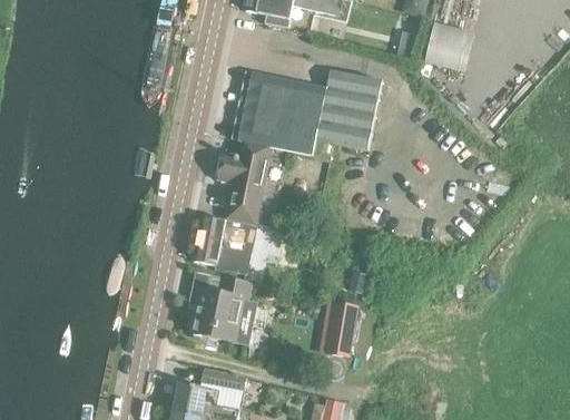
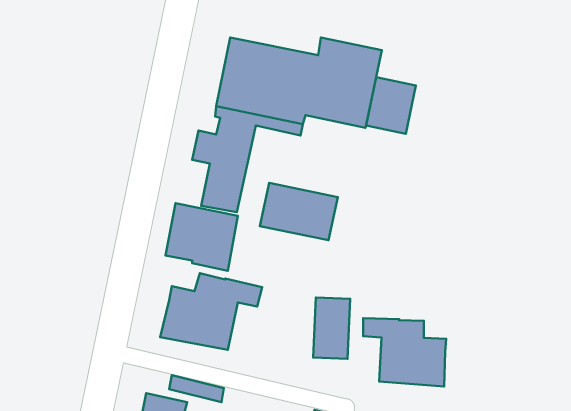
building: none -> [366,77,416,134]
building: none -> [260,183,338,240]
building: none -> [363,318,446,386]

